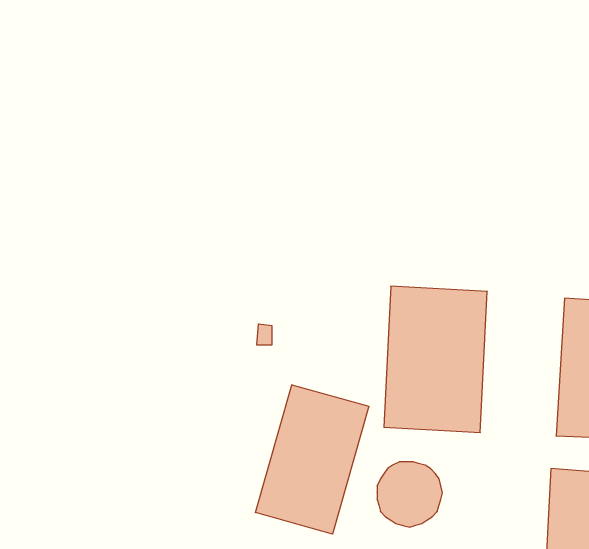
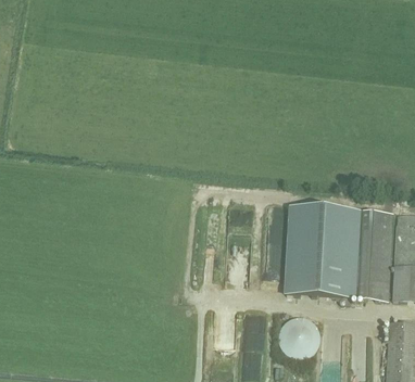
building: none -> [344,209,394,301]
building: [255,385,369,534] -> none

